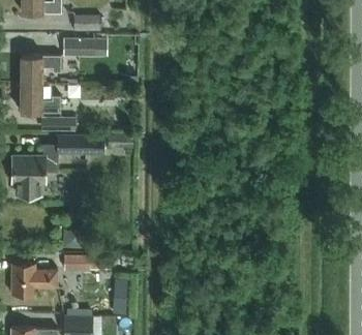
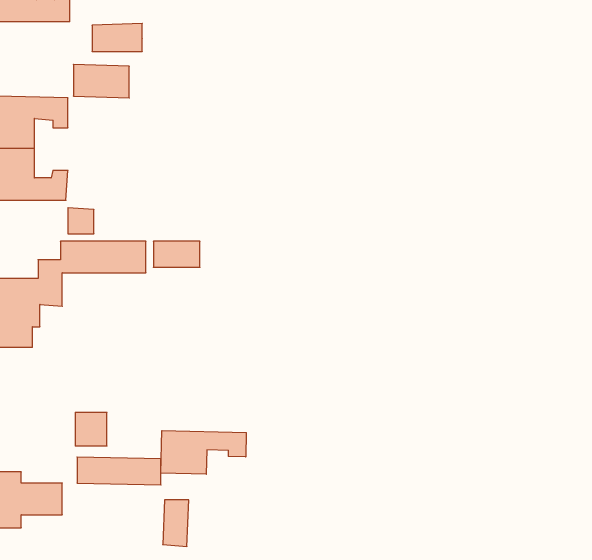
building: none -> [161,431,246,474]

